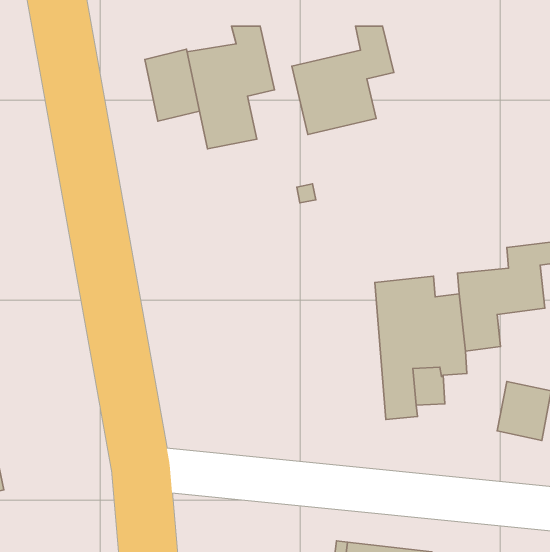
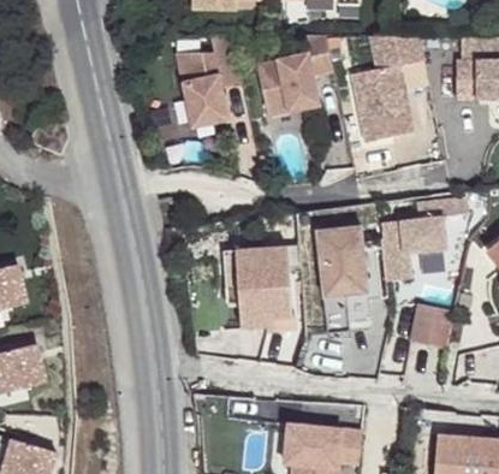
building: none -> [351,37,423,142]
building: [145,49,200,121] -> none
building: none -> [225,245,297,332]

